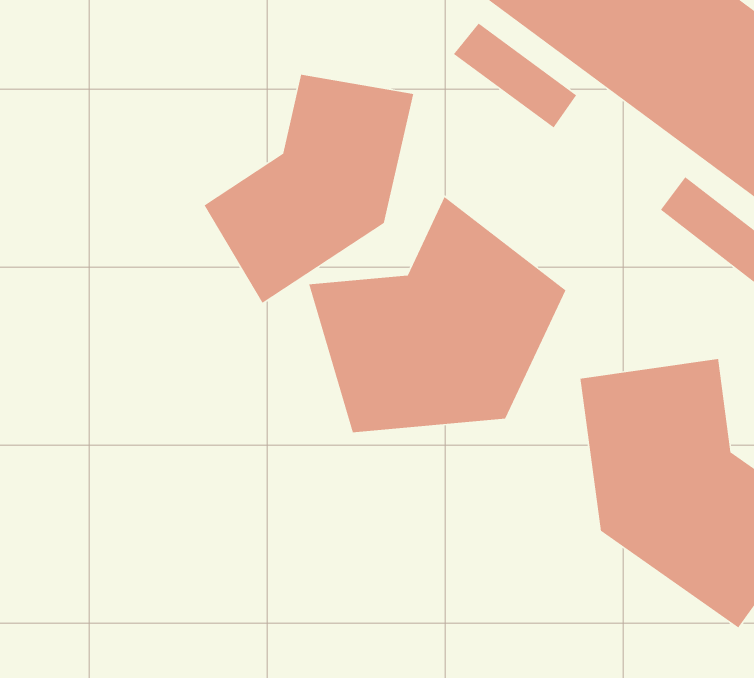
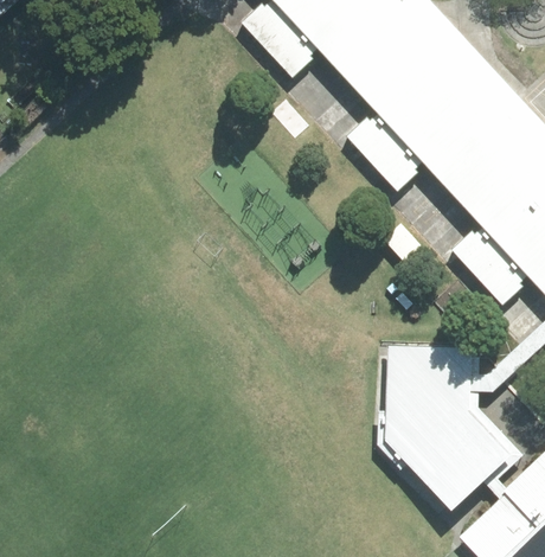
building: [203,74,414,304] -> none
building: [308,196,566,433] -> none

